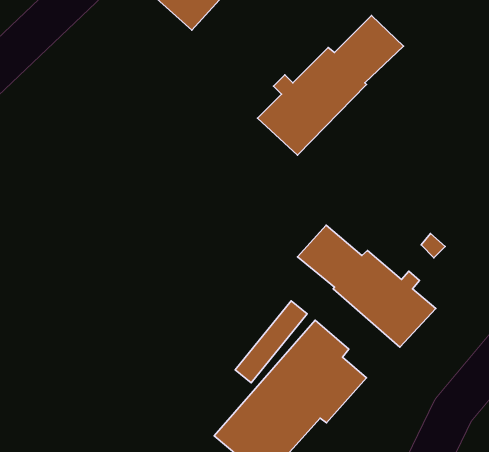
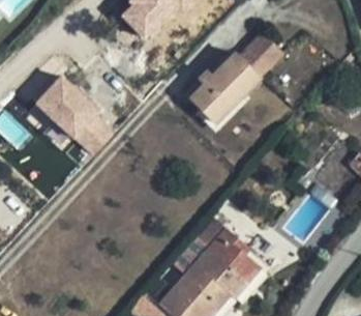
building: none -> [32,75,118,155]
building: [297,225,436,347] -> none

